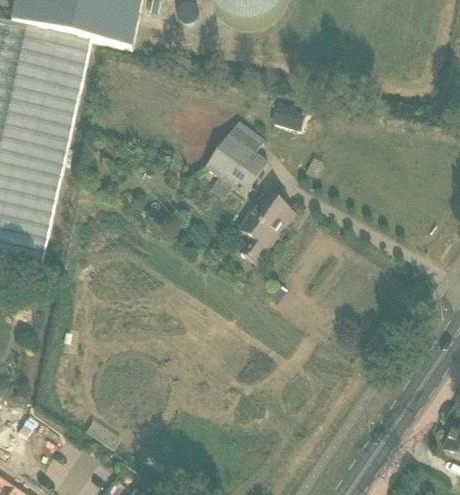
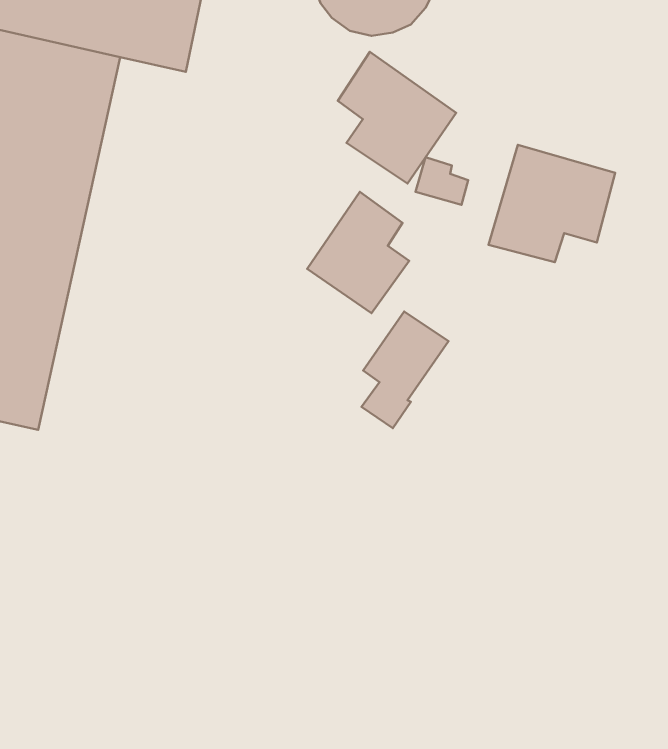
building: none -> [338,52,456,183]
building: none -> [488,145,615,262]

